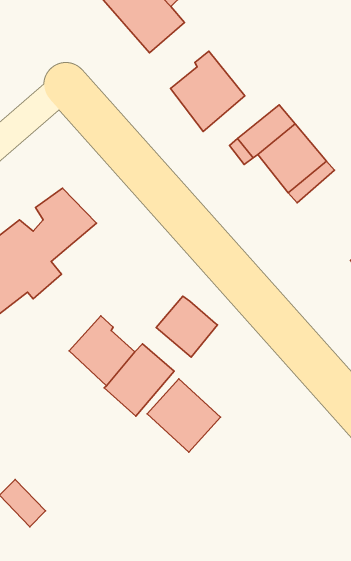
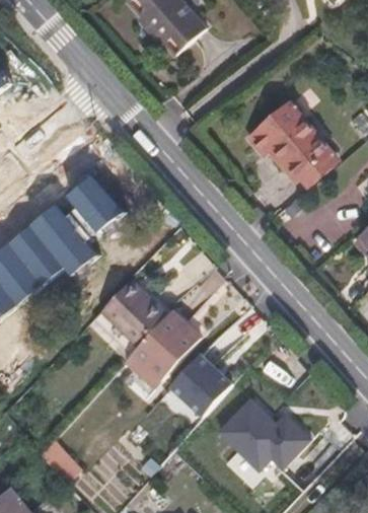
building: [171,51,245,131] -> none
building: [156,296,218,357] -> none
building: none -> [213,392,311,470]

